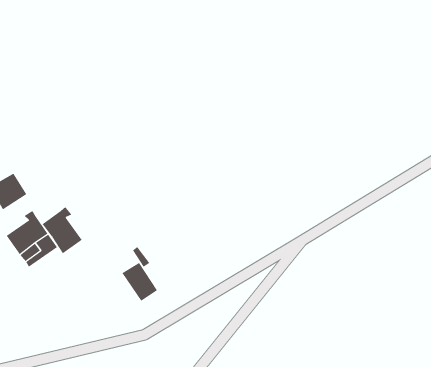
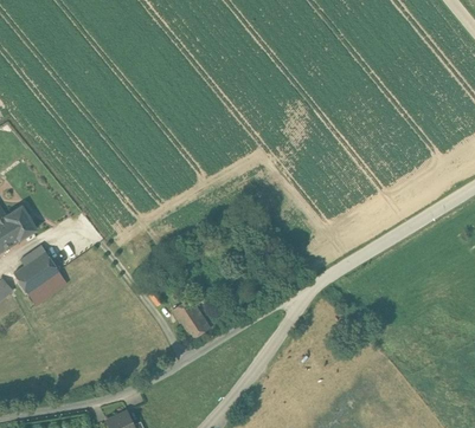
building: [42,206,82,254] -> none
building: [122,262,158,301] -> [173,298,211,339]

